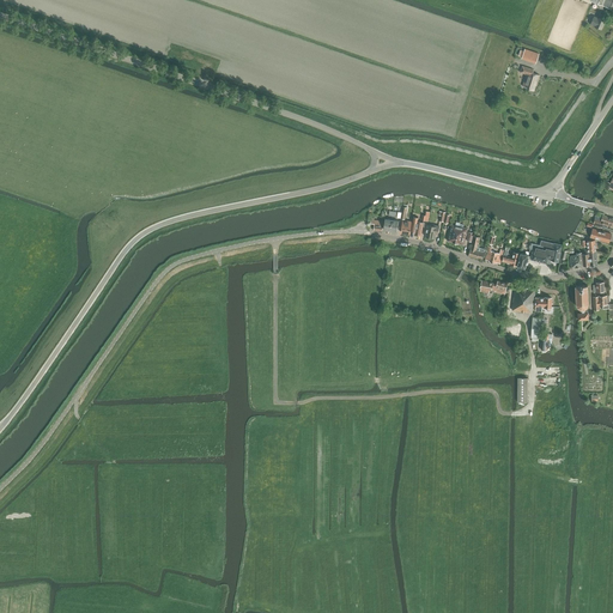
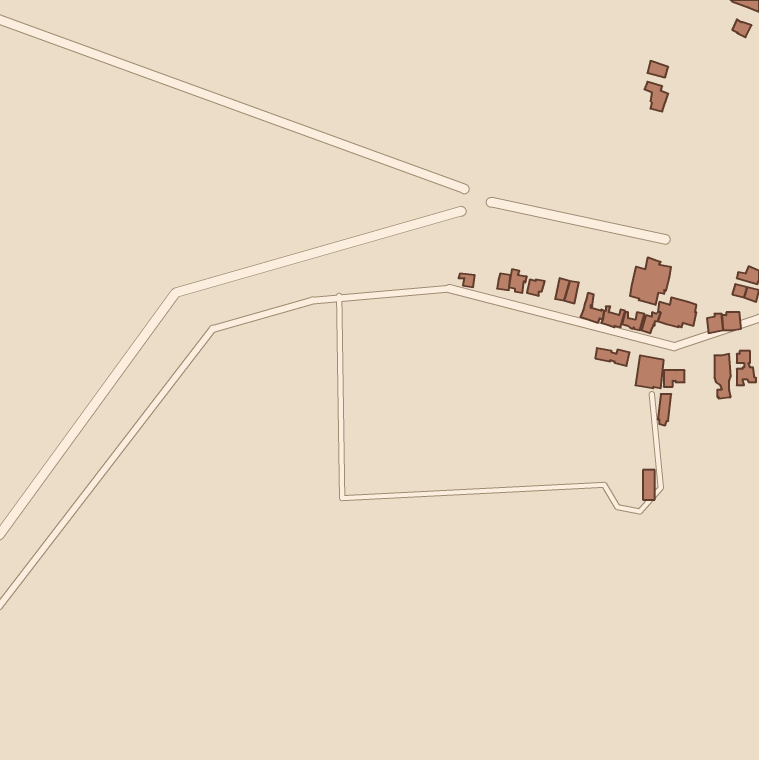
building: none -> [630,257,671,305]

